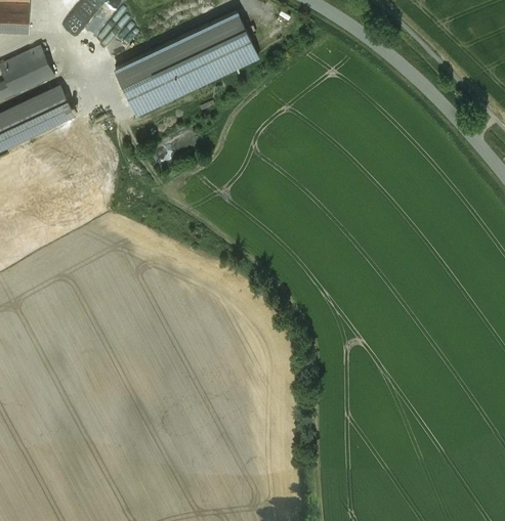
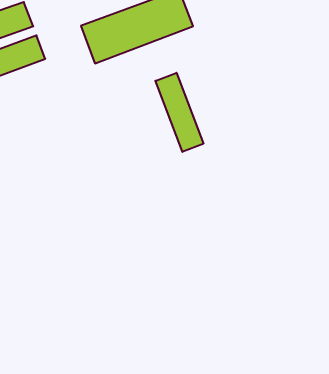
building: none -> [155,73,203,152]

